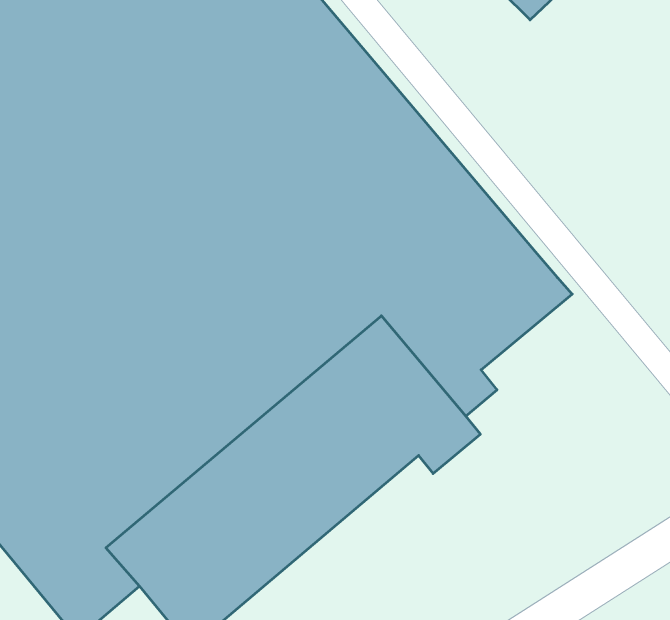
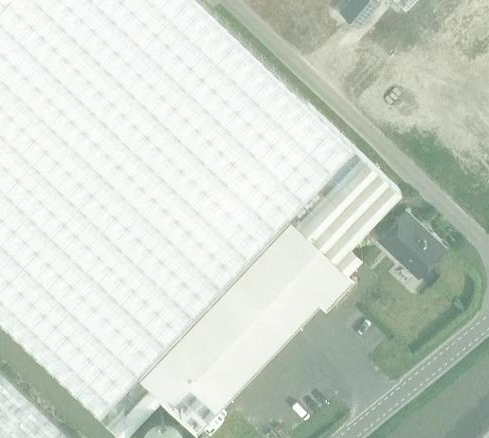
building: none -> [378,218,443,279]

